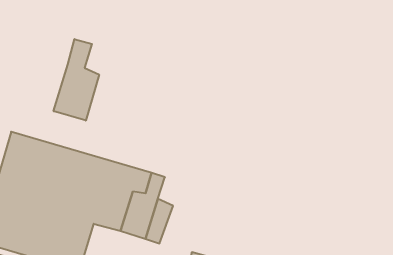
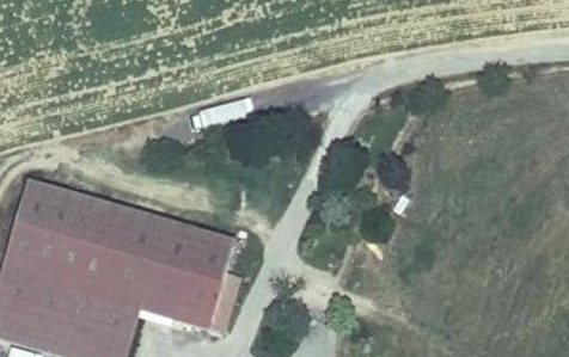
building: [54,39,99,121] -> none

